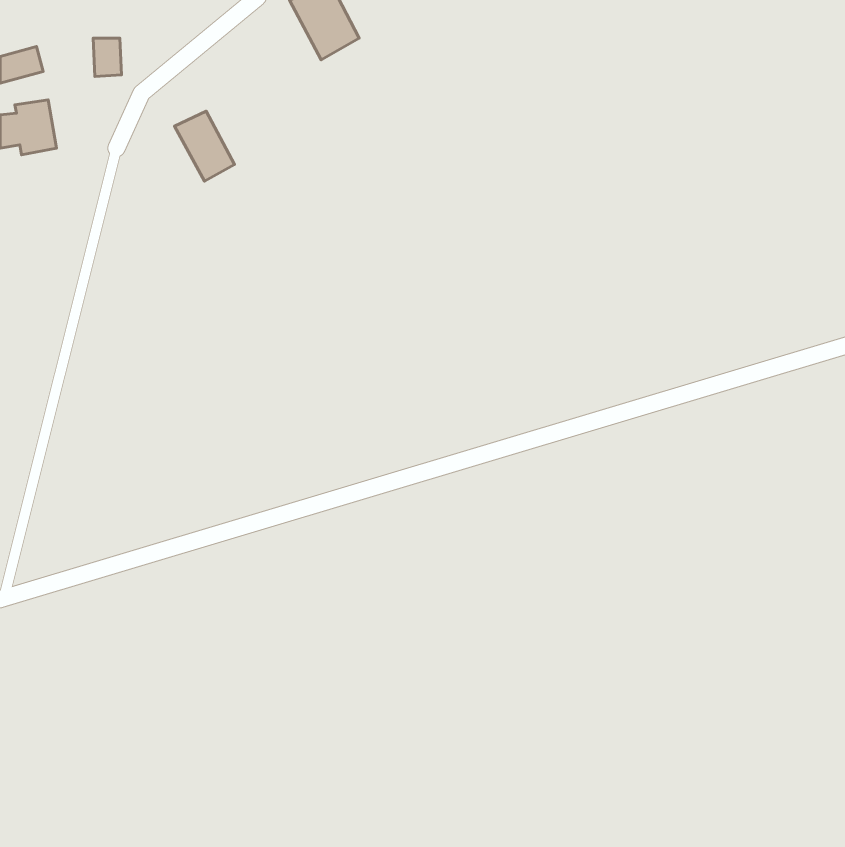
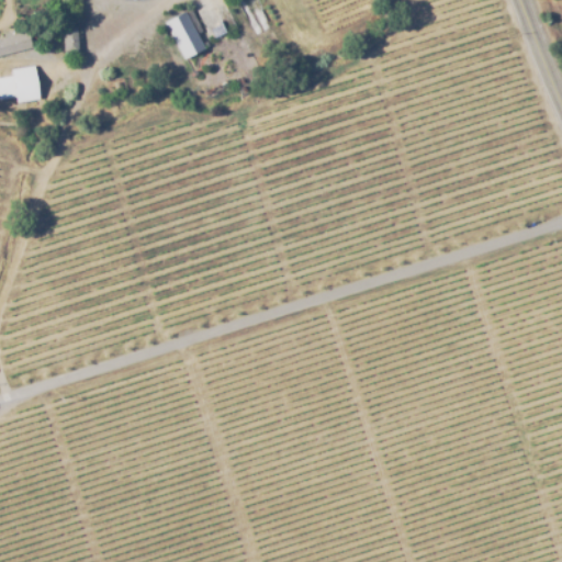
building: [174,111,234,181] -> [166,12,205,58]

